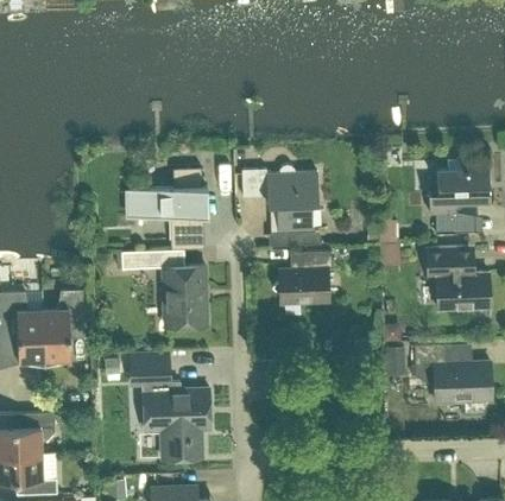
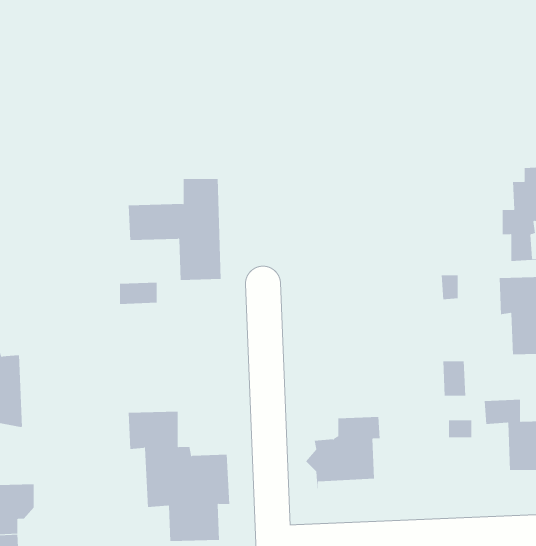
building: [242,165,328,233] -> none
building: [272,252,333,311] -> [305,417,381,491]
building: [163,266,207,326] -> none
building: [43,291,84,368] -> none

